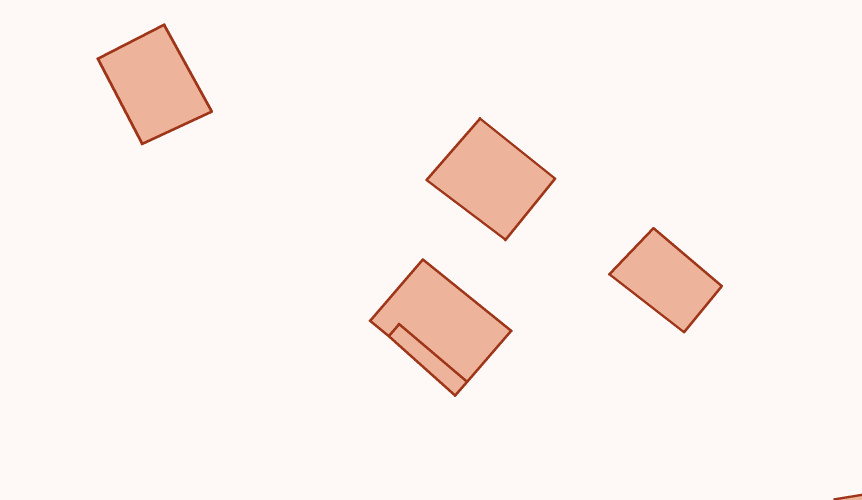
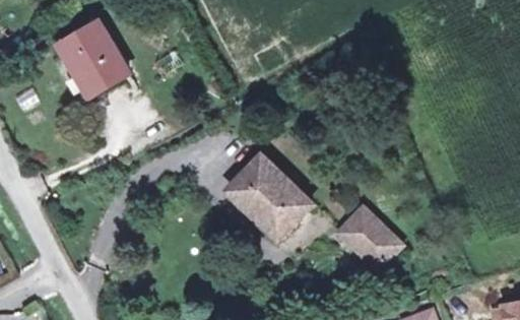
building: [427,118,555,240] -> none
building: [609,228,722,332] -> [335,207,402,269]

